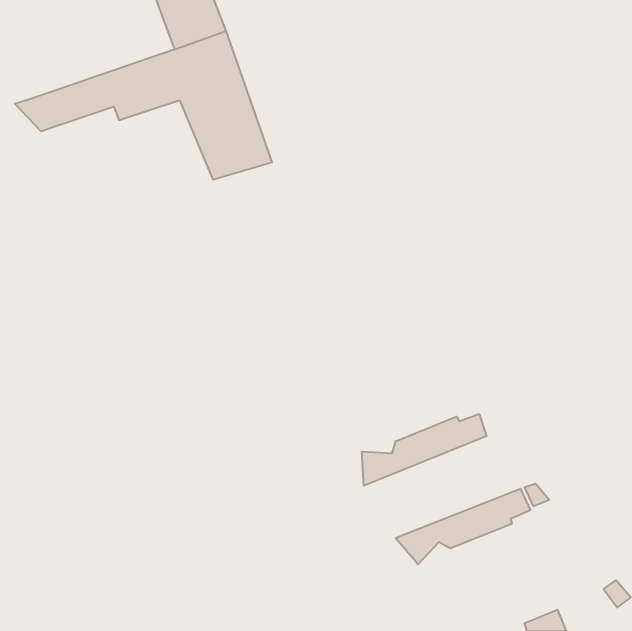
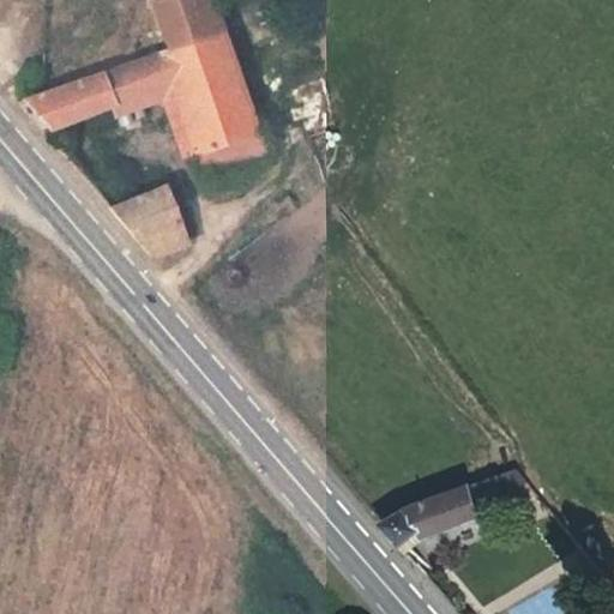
building: none -> [109,185,189,252]
building: [362,414,487,486] -> none

